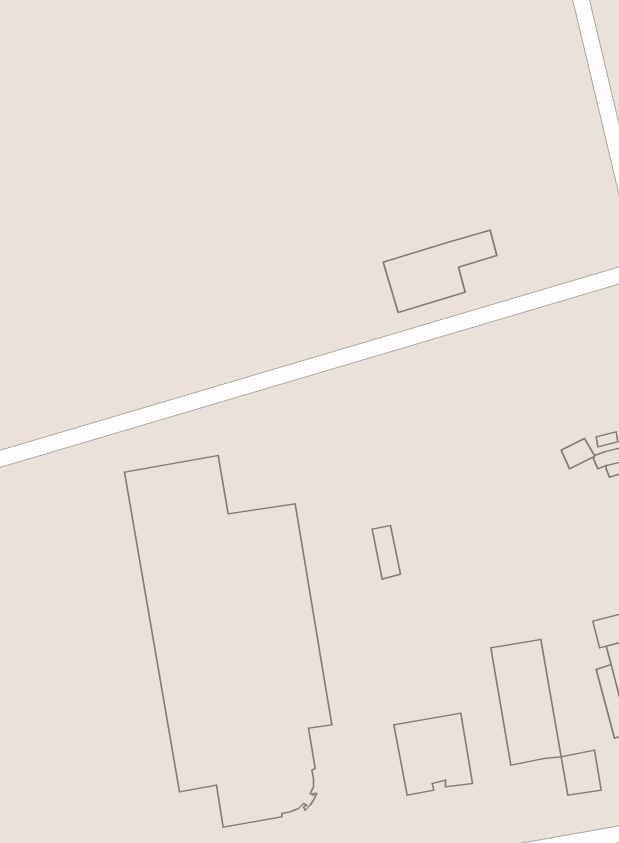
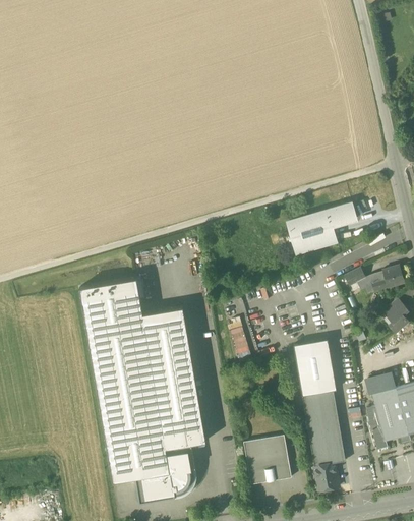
building: [383,230,497,312] -> [287,204,356,253]
building: none -> [293,339,336,395]
building: [561,750,601,795] -> [314,462,339,489]

